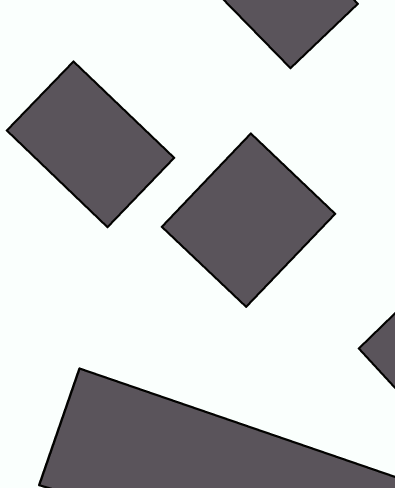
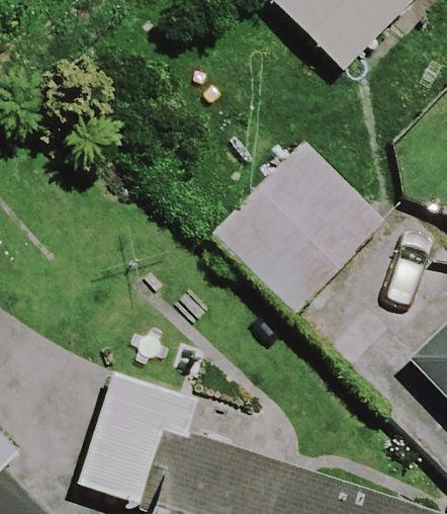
building: [7,61,174,227] -> none

